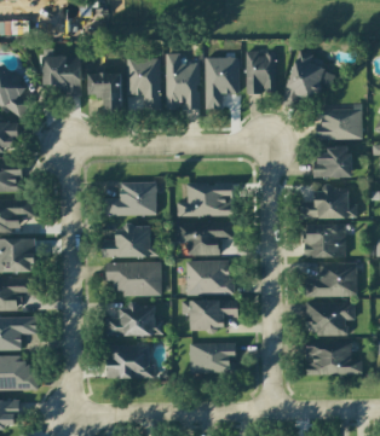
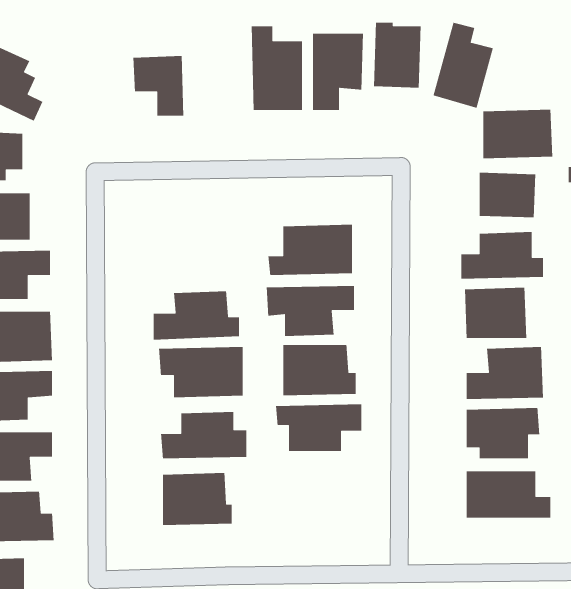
building: [44,56,81,95] -> none
building: [127,58,161,109] -> none
building: [105,182,157,216] -> none
building: [190,343,236,373] -> none

